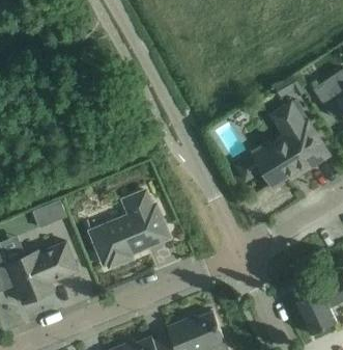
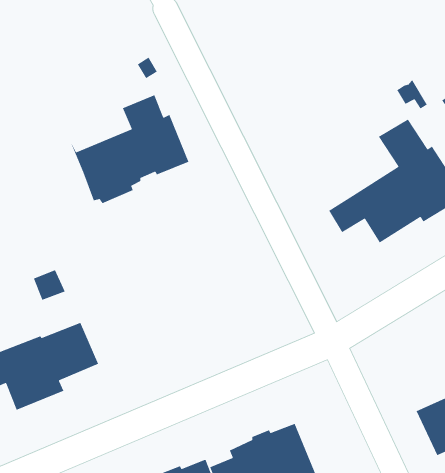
building: [86,191,170,267] -> [67,94,190,204]

